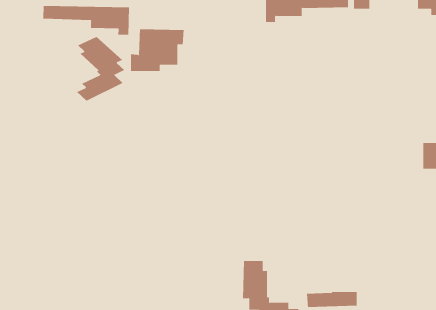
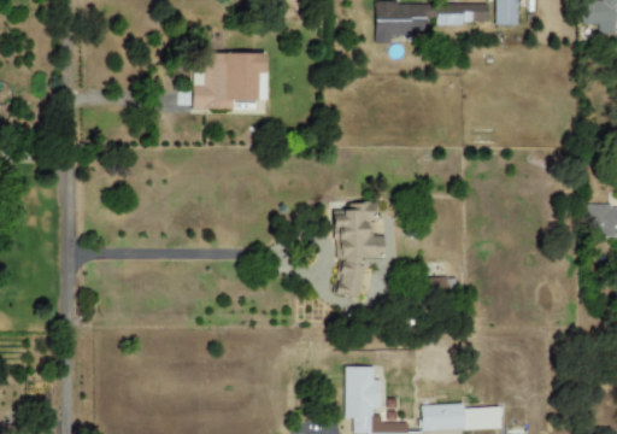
building: [43,5,130,35] -> none
building: [76,36,125,101] -> none
building: none -> [334,203,386,300]

